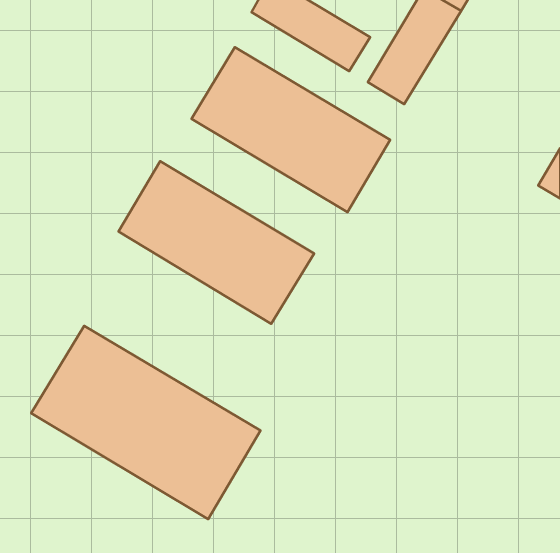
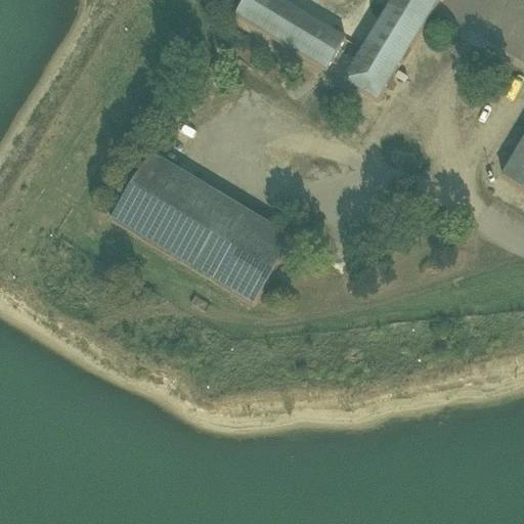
building: [192,47,390,212] -> none
building: [31,326,261,519] -> none

